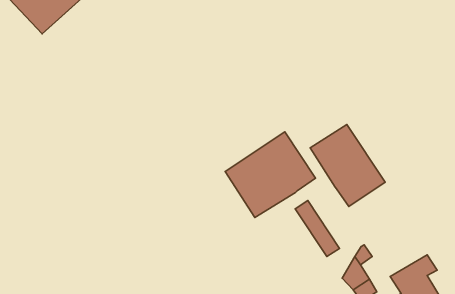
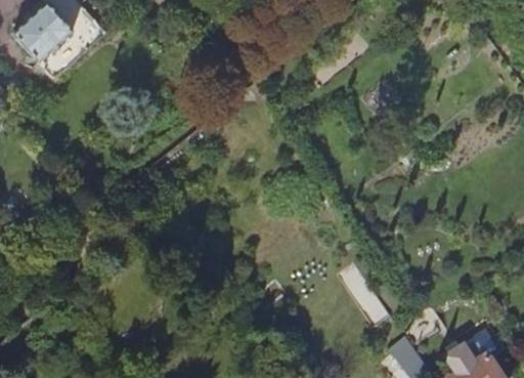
building: [310,125,385,206] -> none
building: [225,132,315,218] -> none

